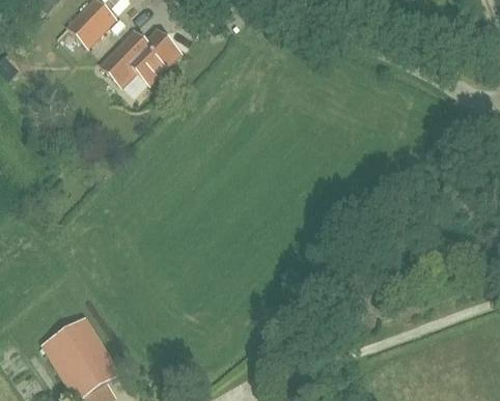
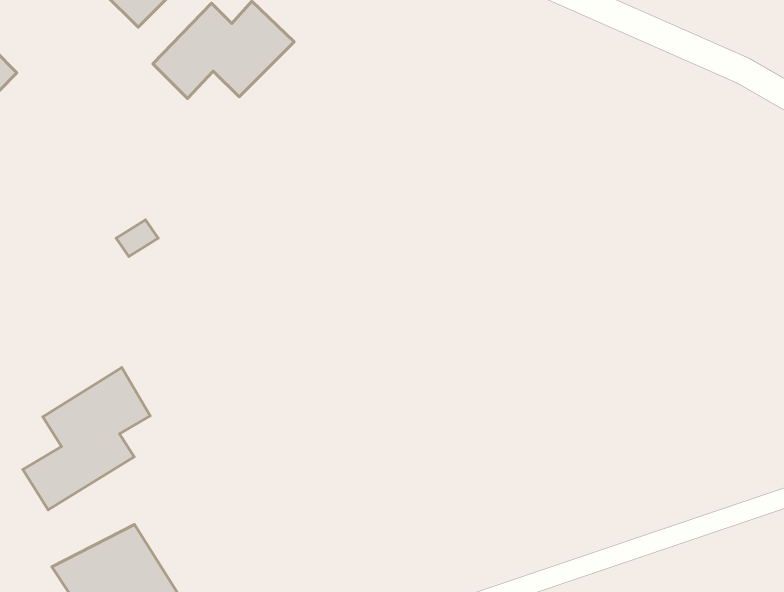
building: none -> [23,367,150,510]

